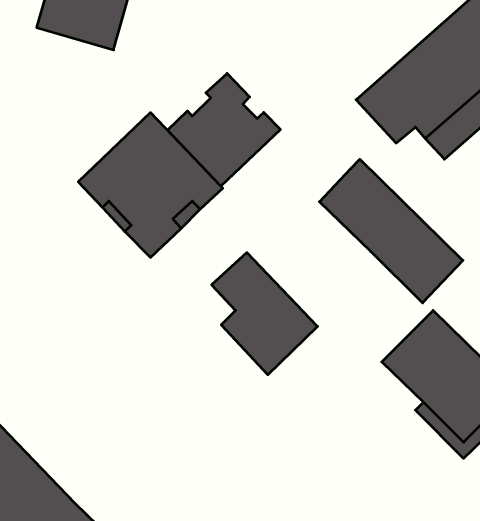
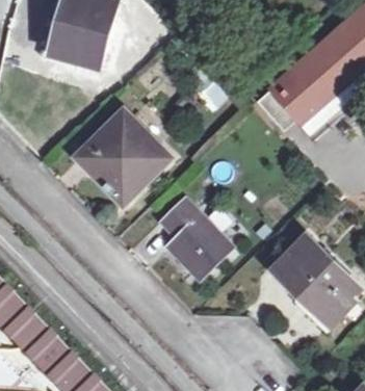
building: [168,73,280,186] -> none
building: [319,159,463,303] -> none

